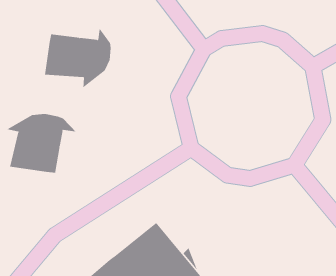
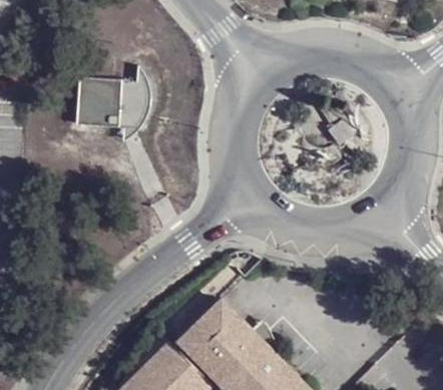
building: [6,113,77,174] -> none

